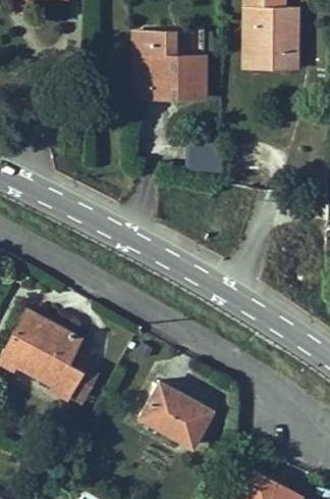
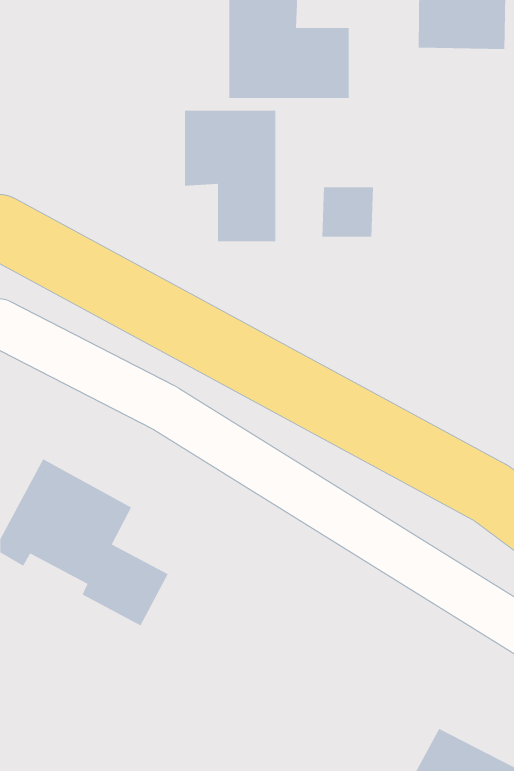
building: none -> [184,110,276,242]
building: [139,376,216,444] -> none

